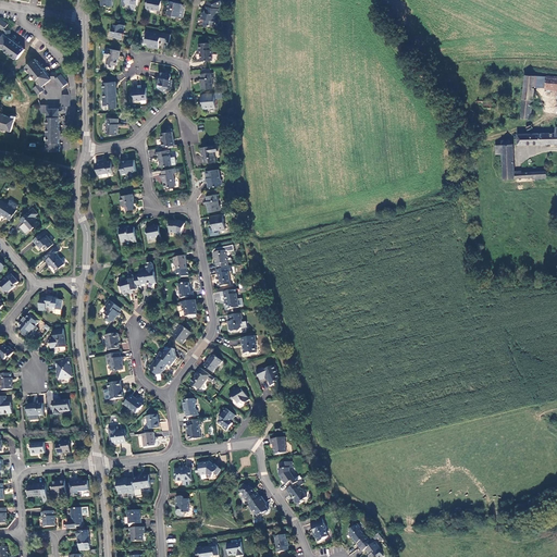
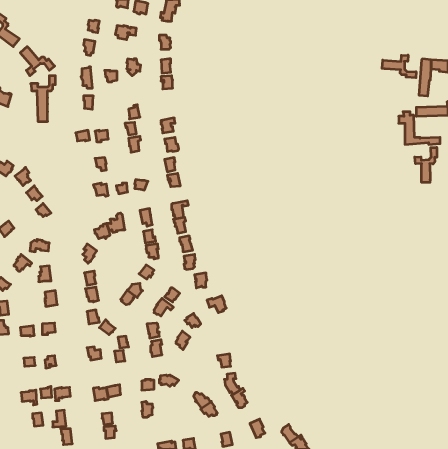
building: none -> [382,55,416,78]
building: none -> [415,147,437,182]

